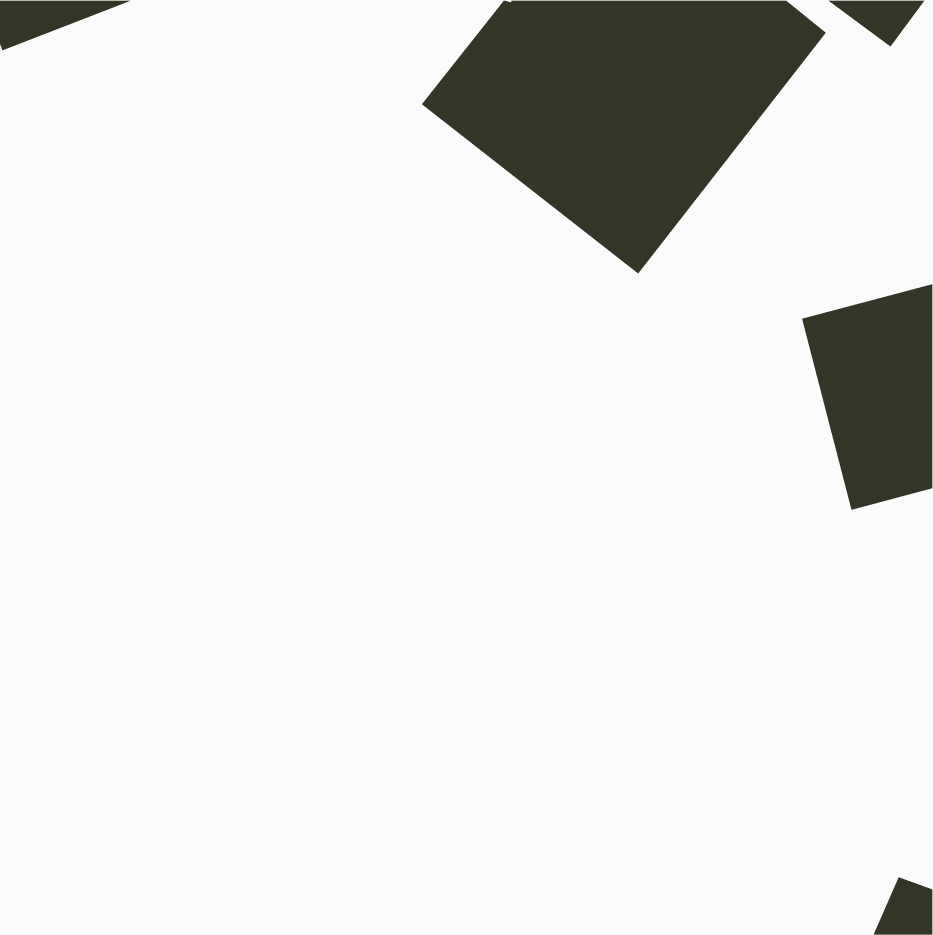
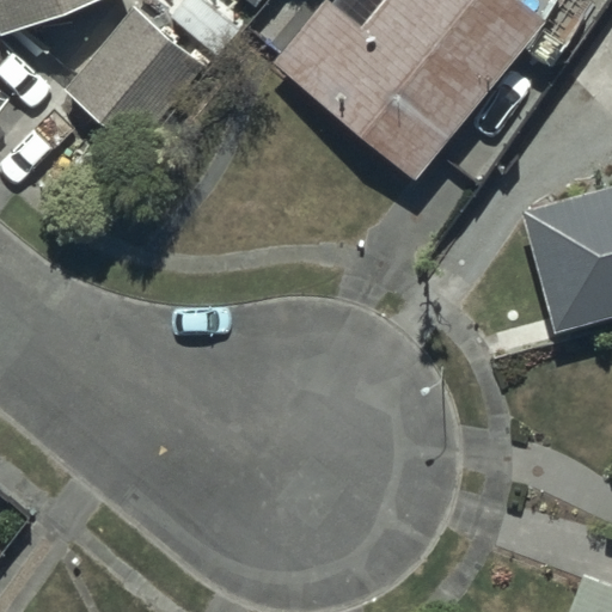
building: none -> [66,10,210,155]

